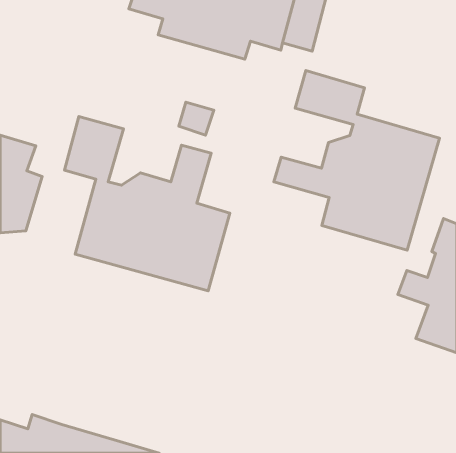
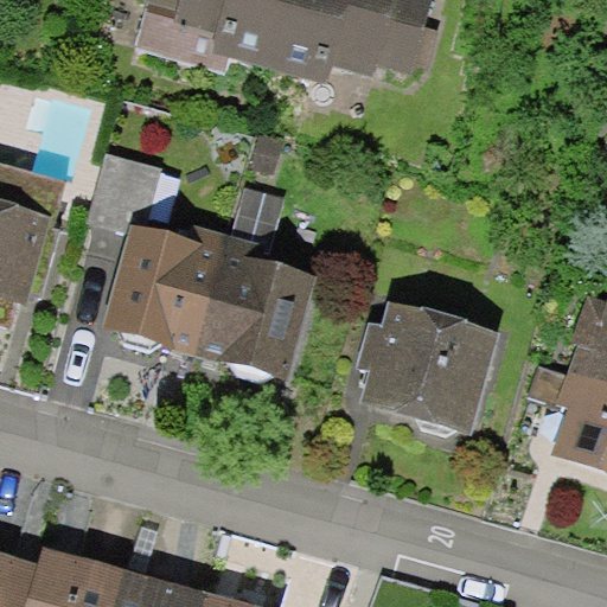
building: [274,70,439,250] -> none
building: none -> [349,306,497,442]

